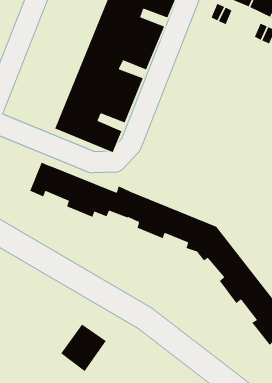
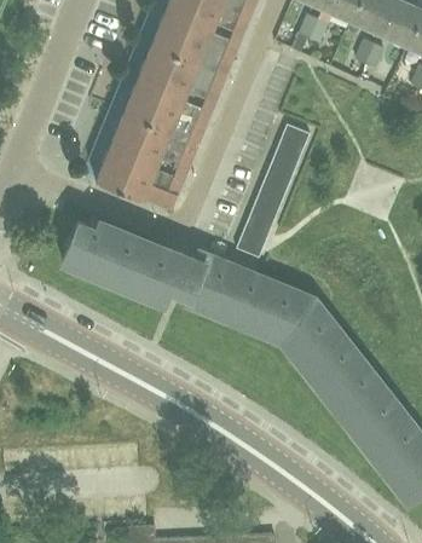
building: none -> [236,125,310,258]
building: [60,324,107,372] -> none

